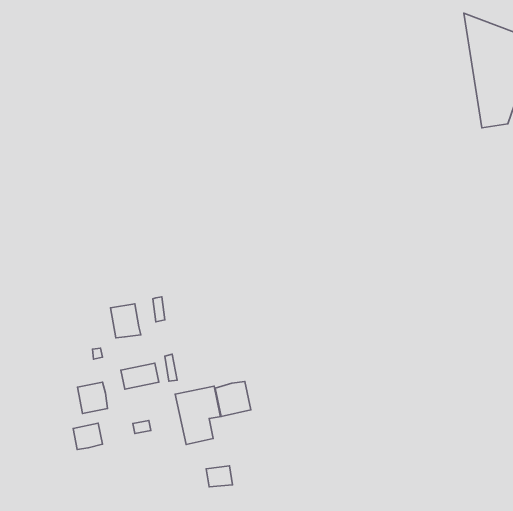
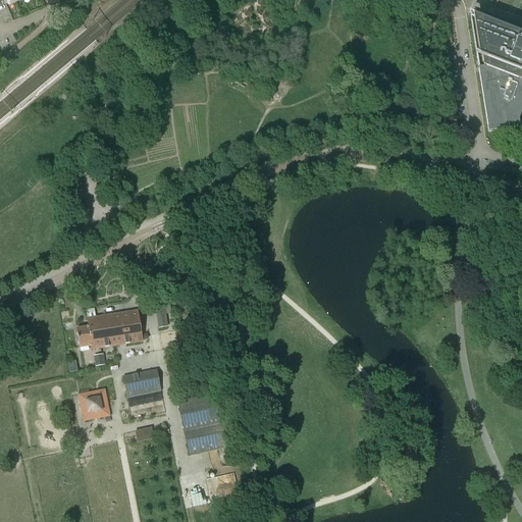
building: none -> [76,312,118,347]
building: [215,381,251,416] -> none
building: [73,423,102,449] -> none

